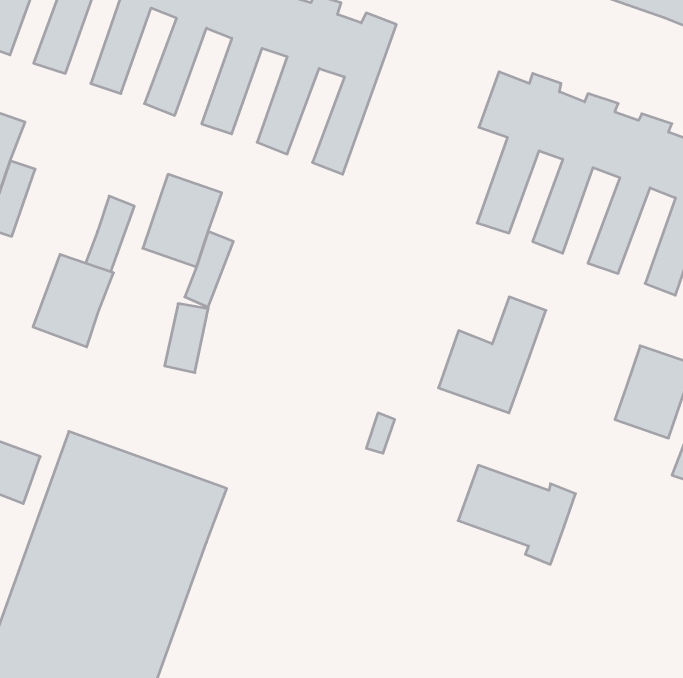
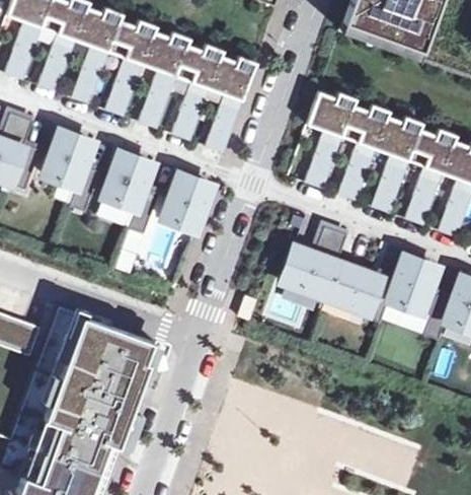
building: none -> [163,174,211,230]
building: [33,254,114,347] -> [44,132,92,188]
building: [458,465,576,564] -> [324,264,395,324]

